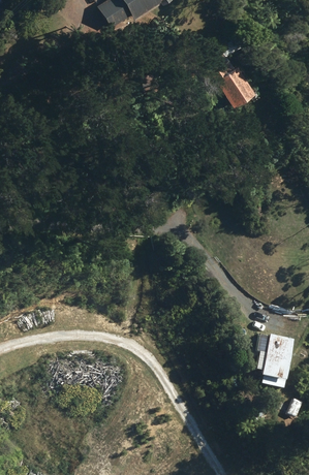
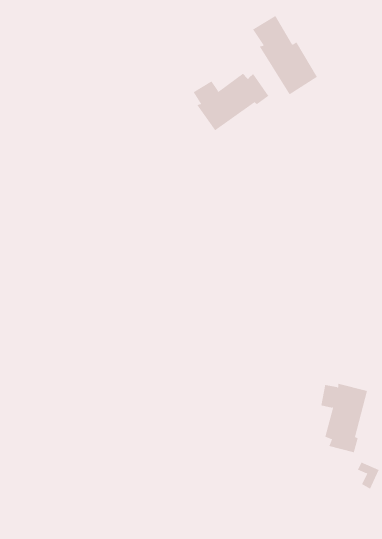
building: none -> [193,73,269,131]

